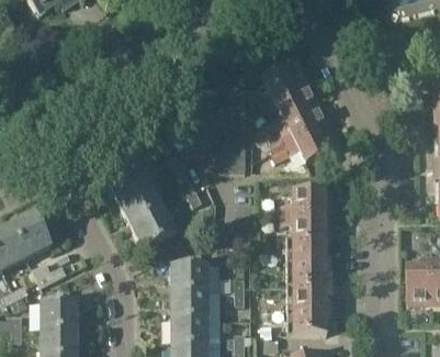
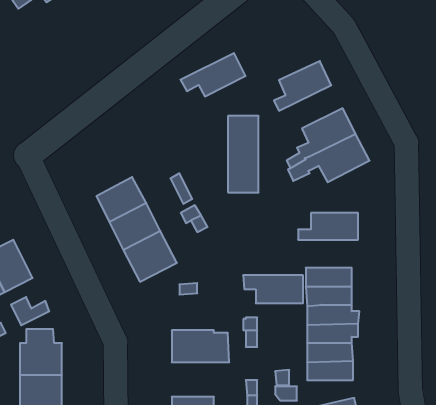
building: [261,80,317,118] -> [180,53,246,96]
building: [279,213,330,237] -> [243,275,303,303]
building: [170,265,206,291] -> none
building: [170,319,219,348] -> none

